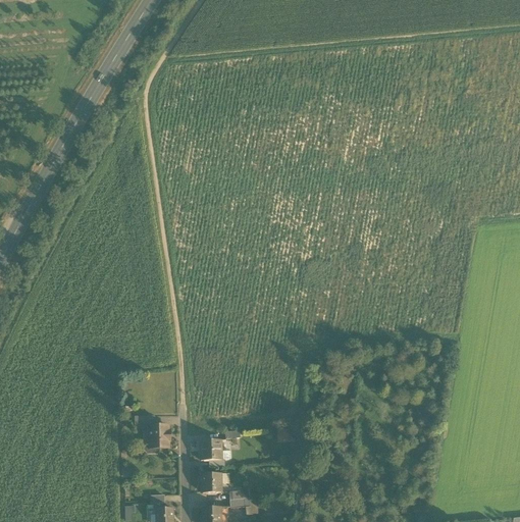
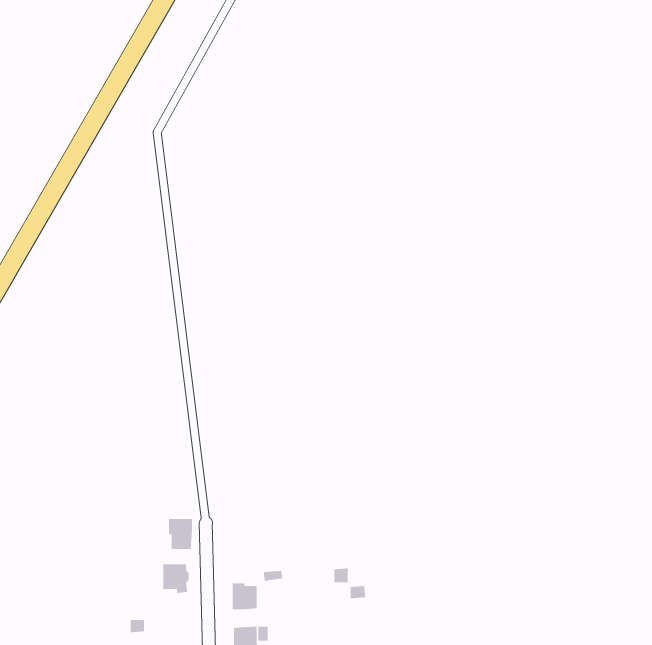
building: none -> [169,518,192,550]

